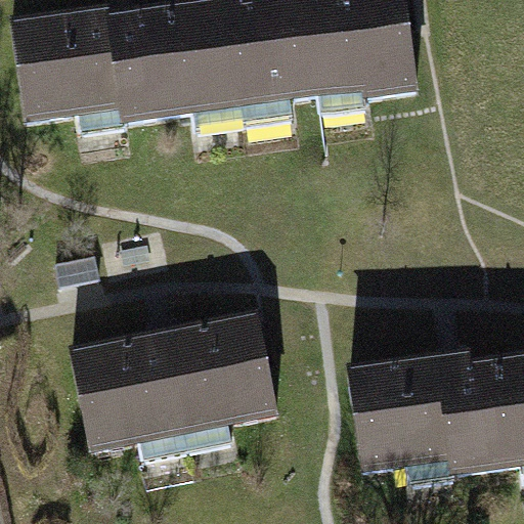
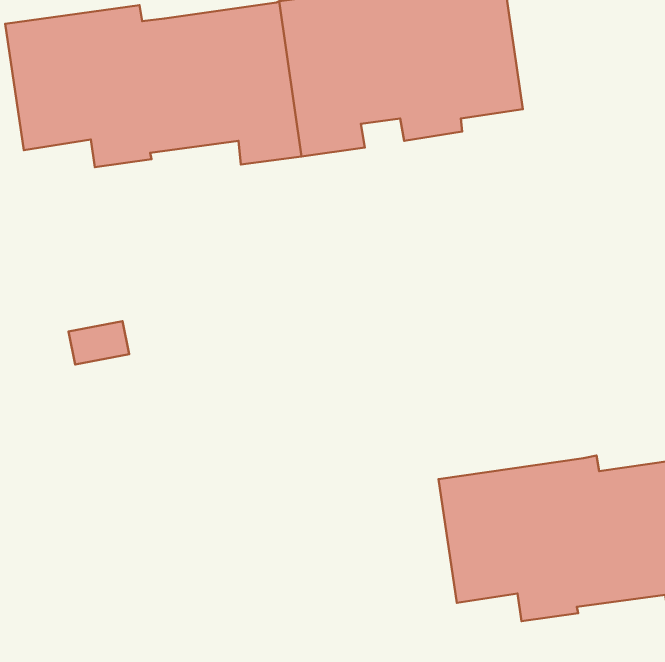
building: [71,310,277,456] -> none

